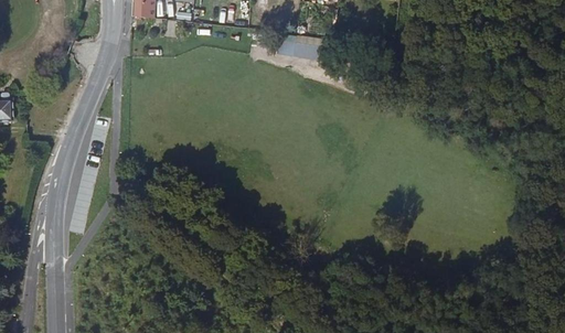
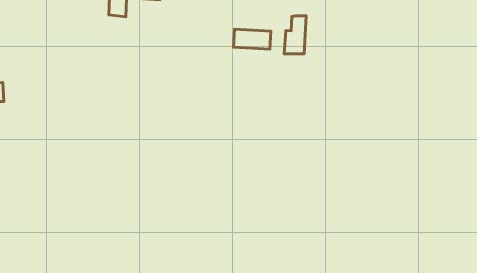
building: none -> [284,16,306,54]

